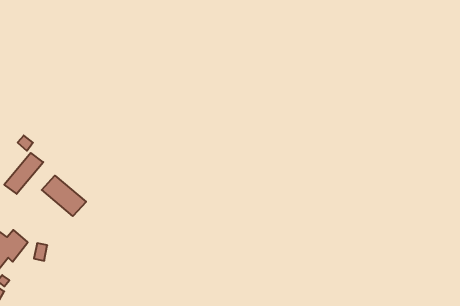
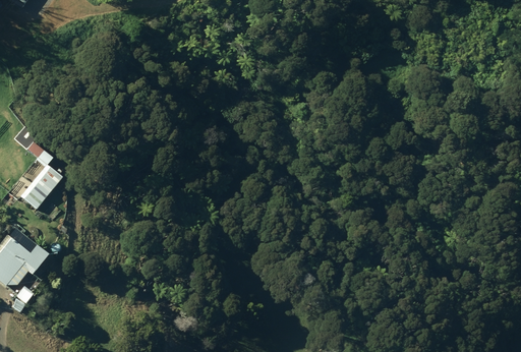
building: [42,176,86,216] -> none

